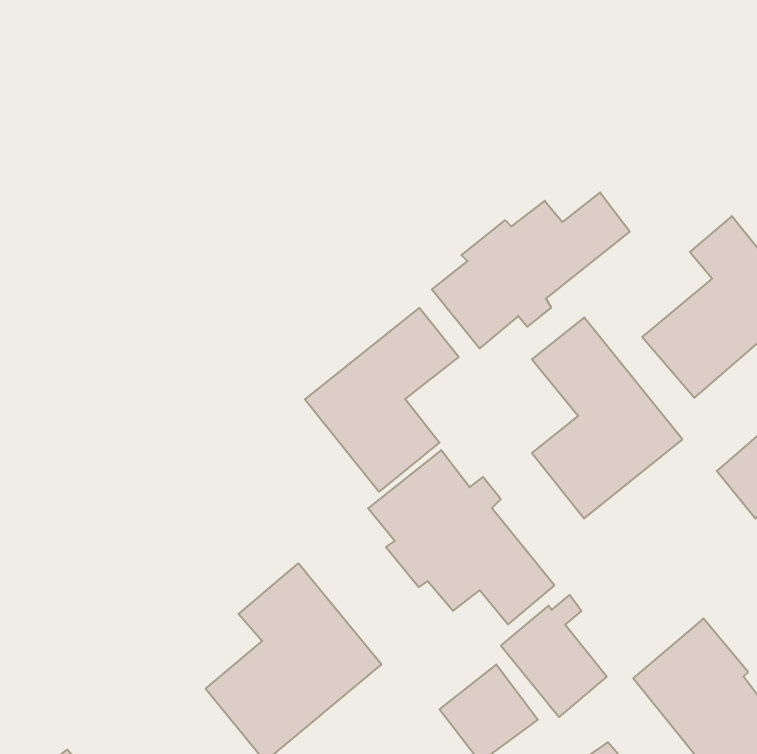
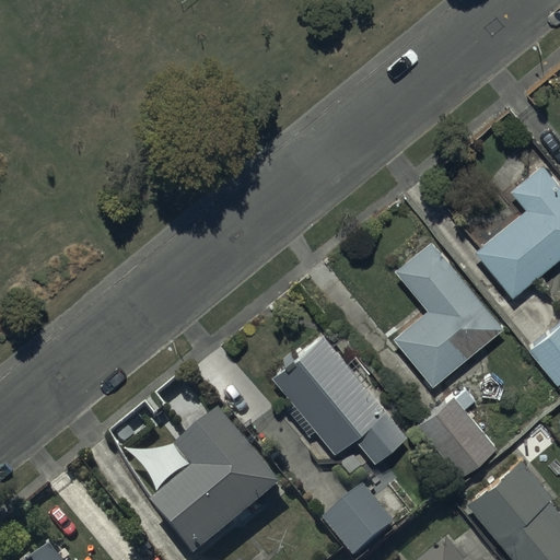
building: [432,192,630,348] -> none
building: [305,308,459,492] -> none
building: [501,595,607,717] -> [418,389,495,479]

